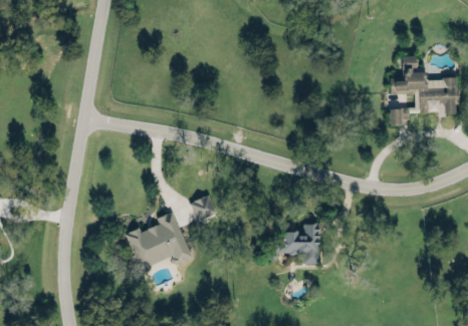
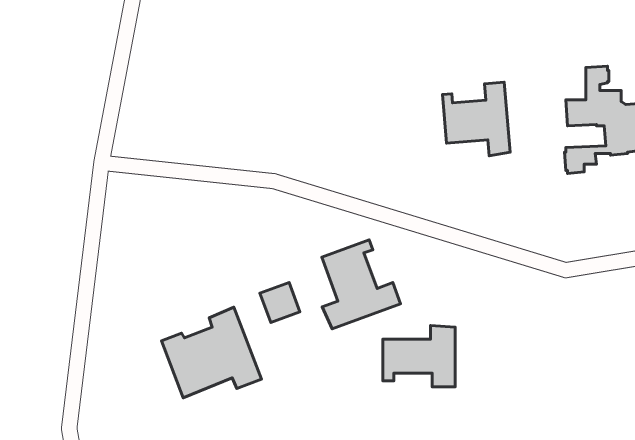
building: none -> [442,82,510,156]
building: none -> [322,240,401,329]

